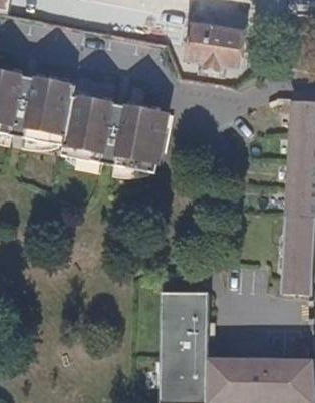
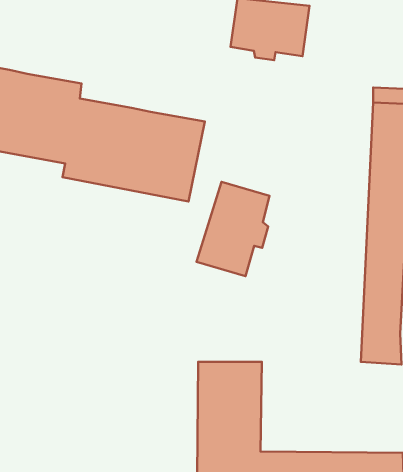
building: none -> [196,182,269,276]

